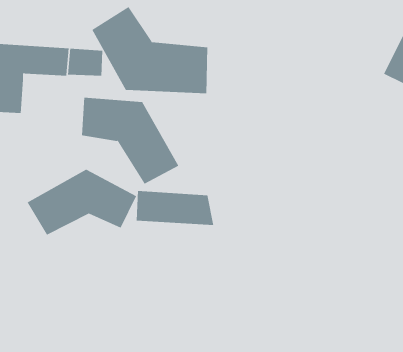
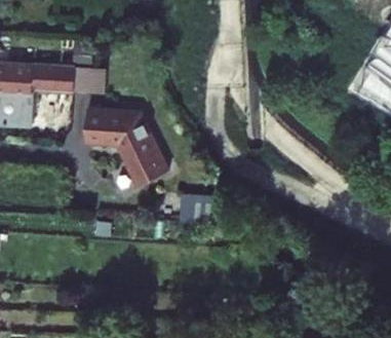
building: [92,6,208,94] -> none
building: [27,169,137,236] -> none

